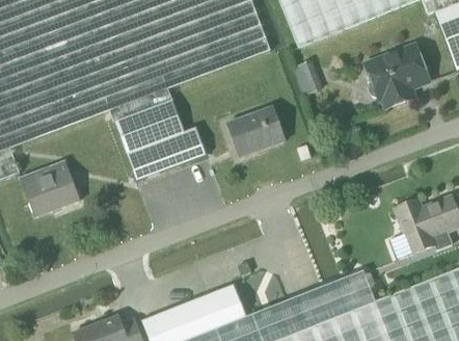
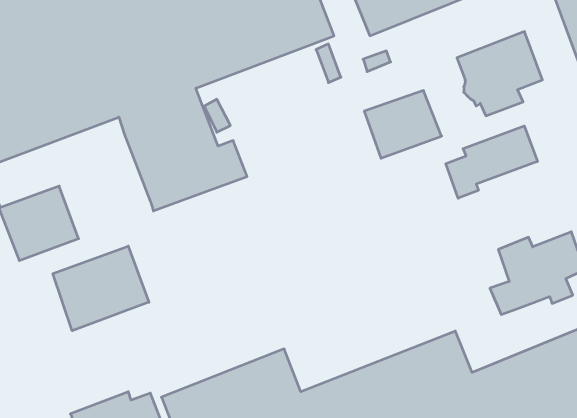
building: [226,106,285,157] -> [364,91,442,158]
building: none -> [446,126,537,198]
building: none -> [53,246,149,331]

